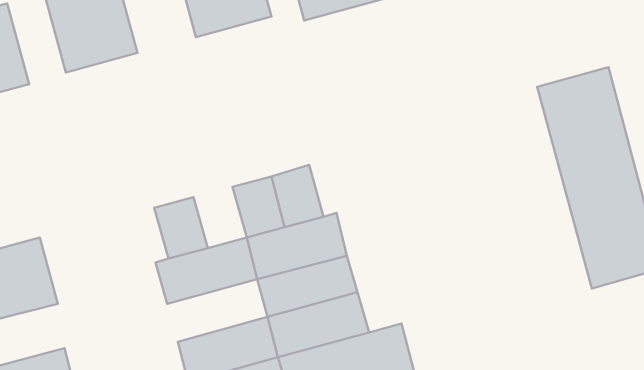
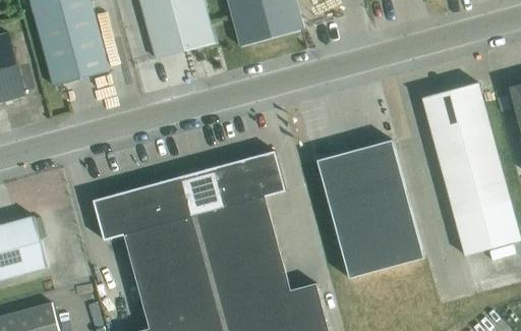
building: none -> [317,141,424,279]
building: none -> [244,151,286,200]
building: none -> [154,176,195,224]
building: none -> [94,192,134,240]
building: none -> [133,249,212,297]

